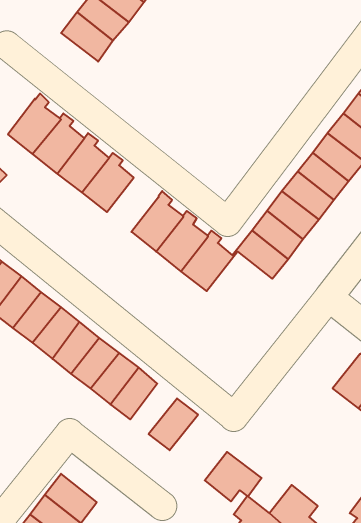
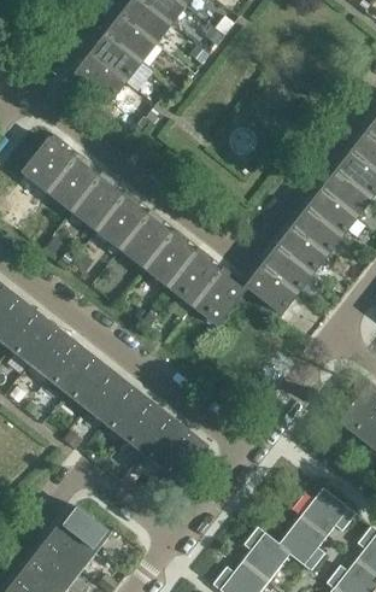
building: none -> [119,209,170,268]
building: none -> [142,416,188,465]
building: [205,452,262,501] -> [300,487,356,535]

